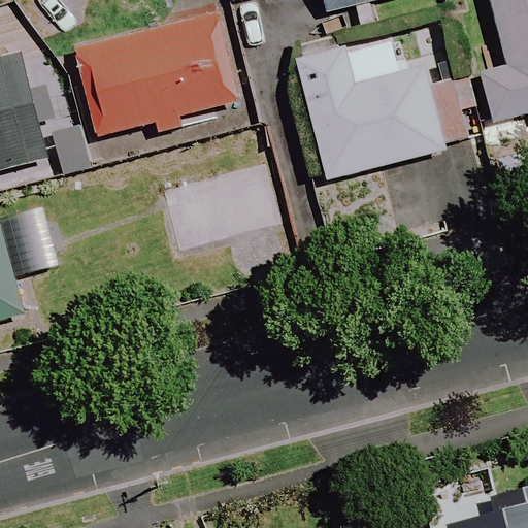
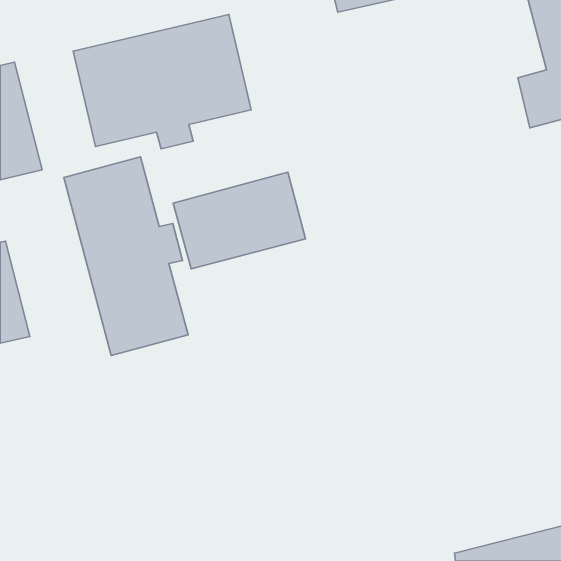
building: [294,43,442,177] -> none
building: none -> [64,157,188,356]

